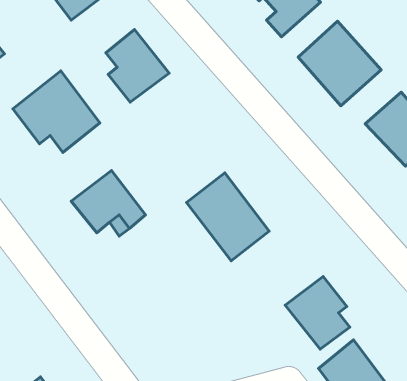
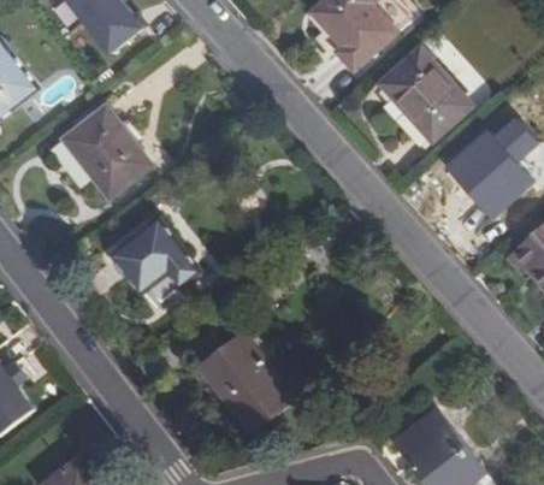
building: [106,30,169,102] -> none
building: [187,173,269,261] -> [201,333,295,433]
building: [285,277,350,349] -> none

